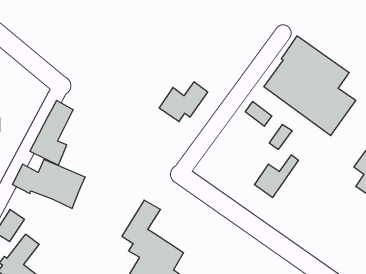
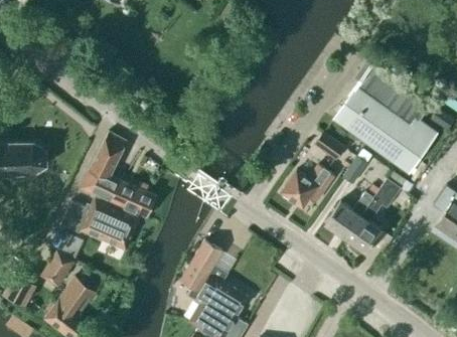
building: [159,82,208,122] -> [281,165,334,208]
building: none -> [345,172,404,252]
building: none -> [111,181,156,218]

